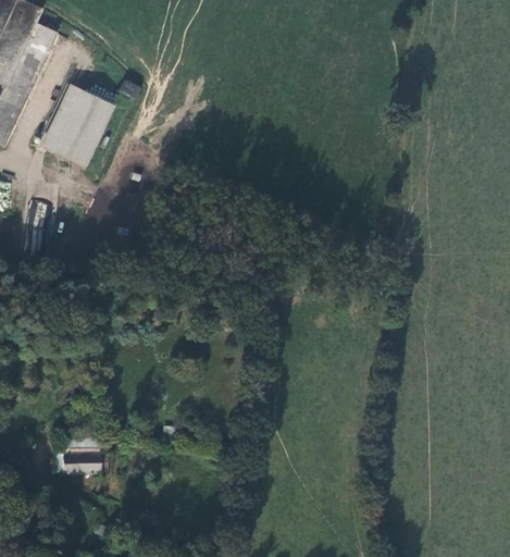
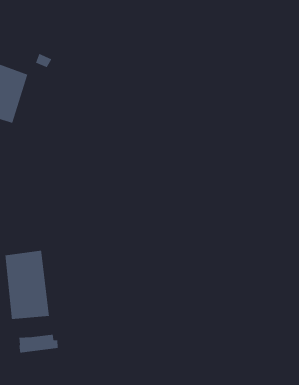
building: none -> [5,250,50,320]

